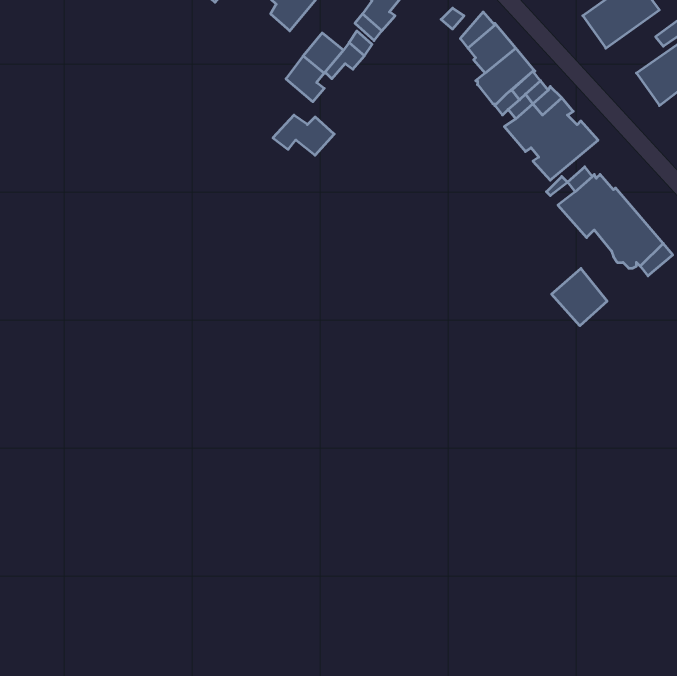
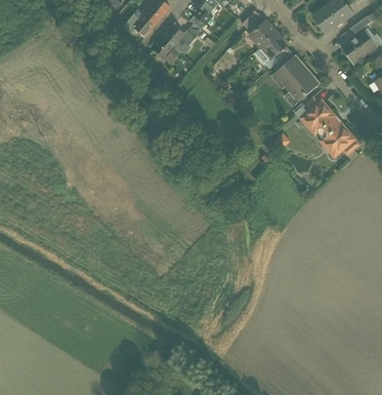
building: [273,115,334,155] -> [123,14,156,36]
building: [552,268,607,326] -> none

